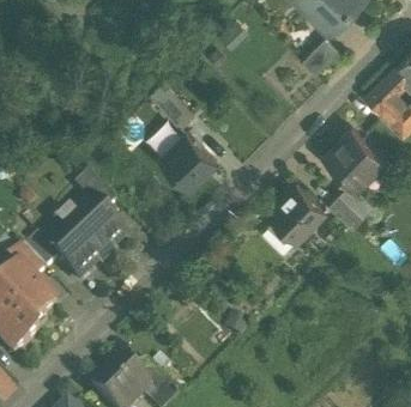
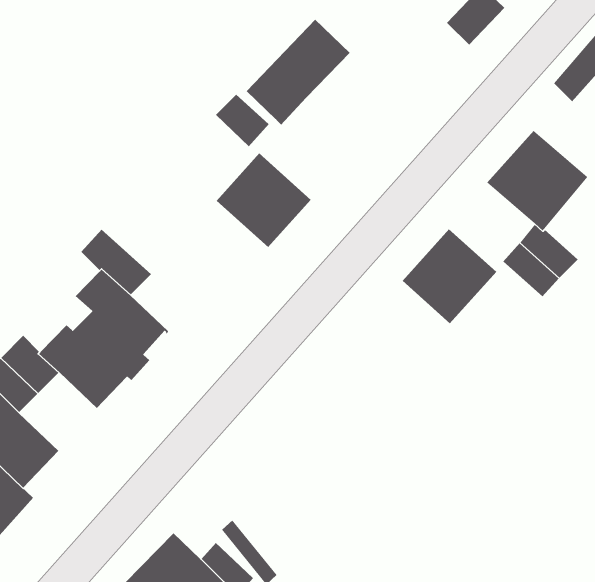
building: none -> [246,19,350,125]

